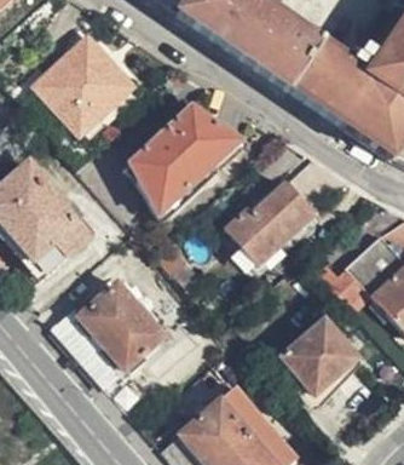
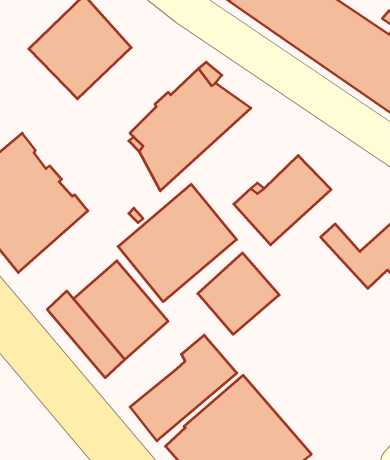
building: none -> [118,184,237,302]
building: [284,316,359,391] -> [198,253,279,334]
building: none -> [130,335,237,441]

